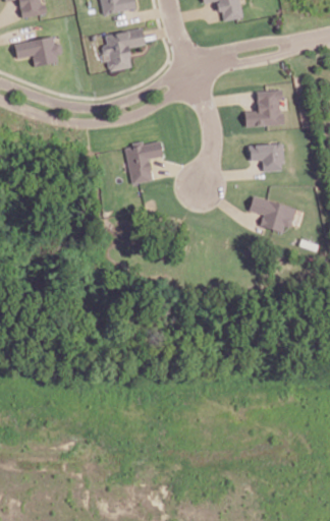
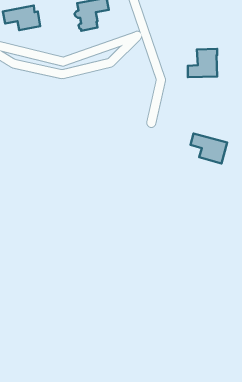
building: [127,139,164,181] -> none
building: [249,143,283,172] -> none

